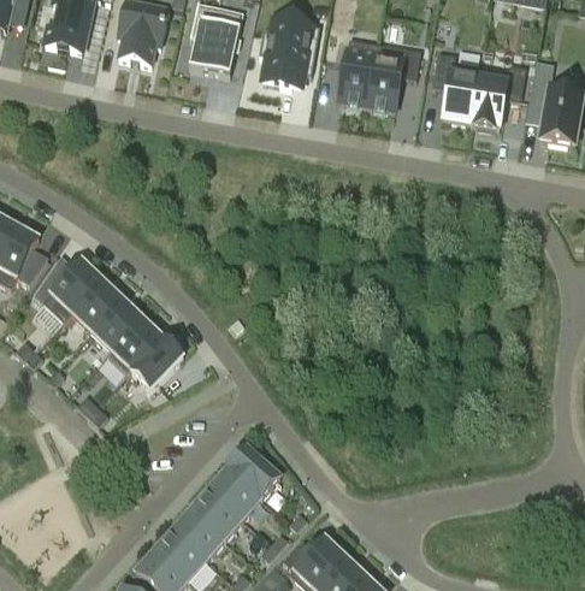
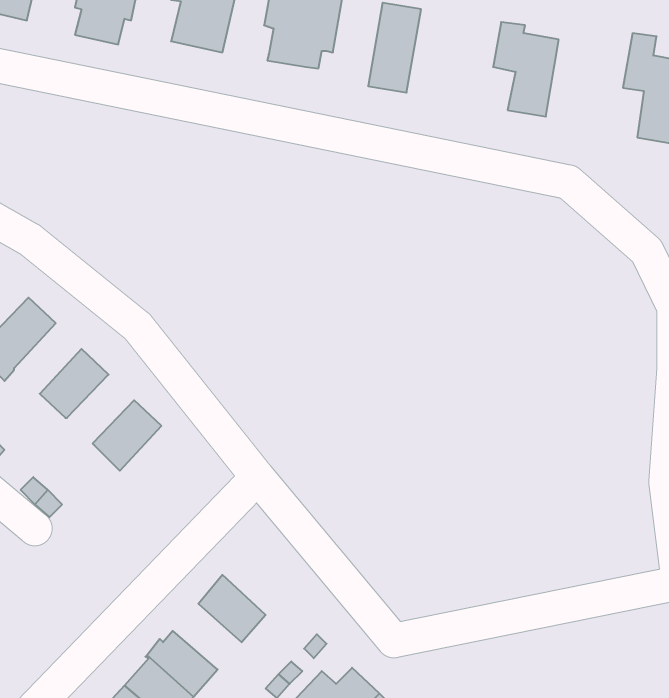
building: [366,42,420,110] -> none
building: [471,64,525,128] -> none
building: [71,278,122,331] -> none
building: [106,317,161,373] -> none
building: [228,447,279,497] -> none
building: [190,489,242,538] -> none

